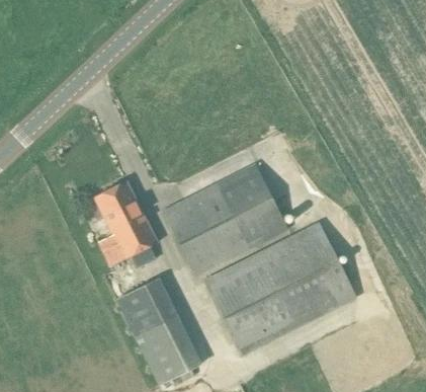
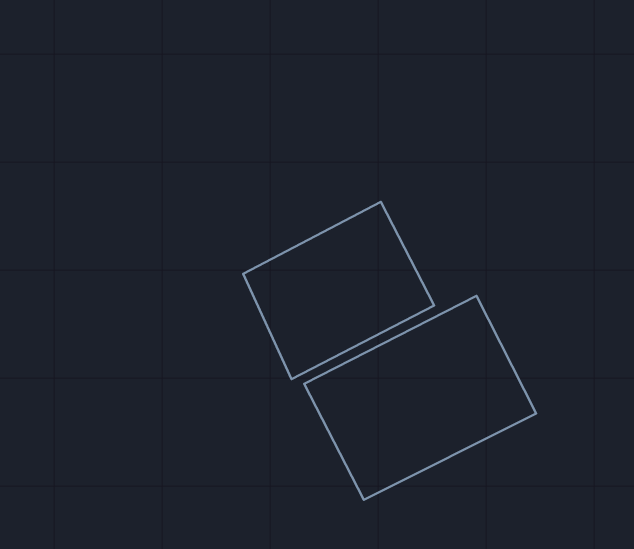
building: [89,181,156,268] -> none
building: [117,275,203,383] -> none

